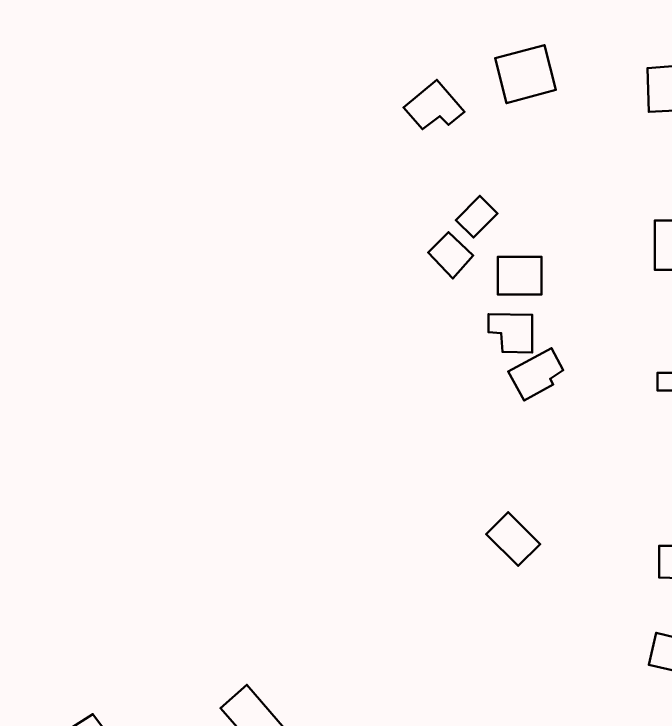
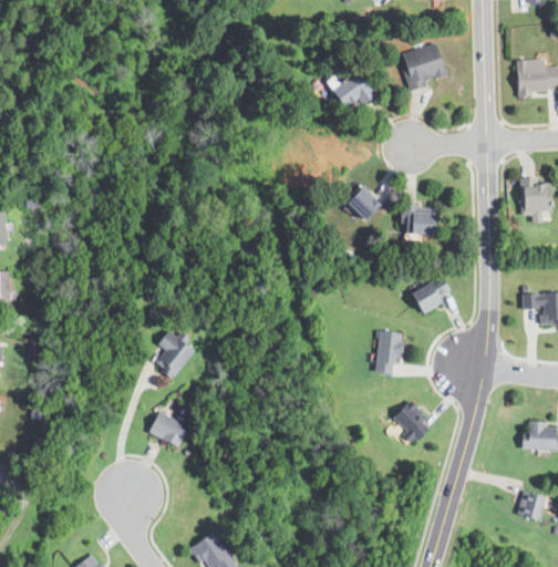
building: [456,196,498,238] -> none
building: [489,314,532,353] -> none
building: none -> [155,330,194,378]
building: none -> [375,331,401,374]
building: none -> [147,412,188,447]

